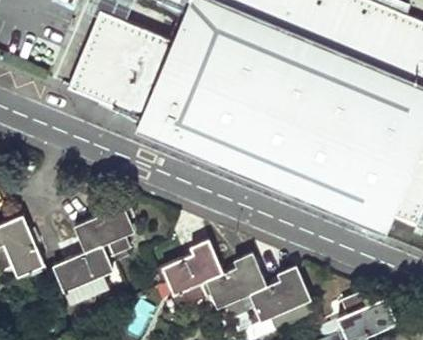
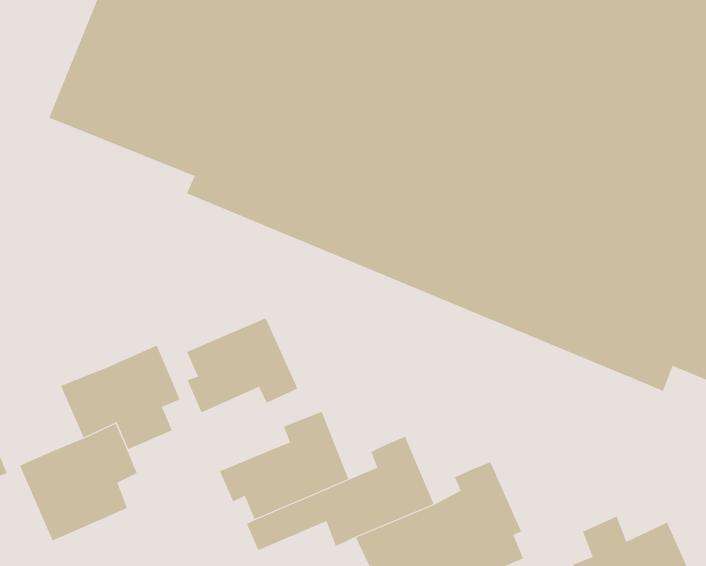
building: none -> [186,318,298,413]

